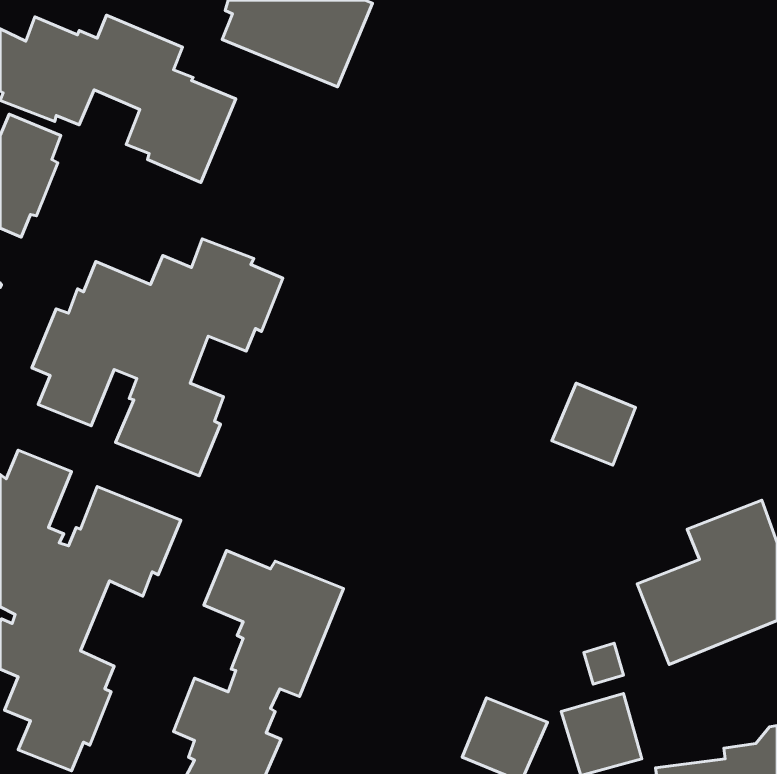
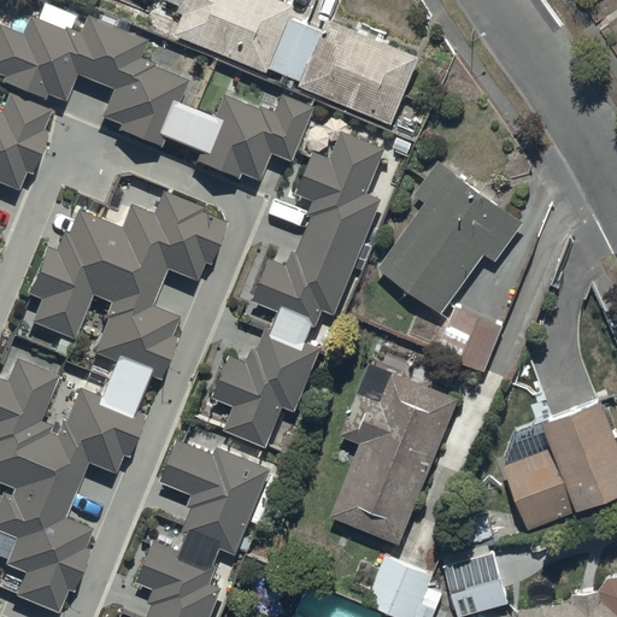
building: none -> [300,18,421,123]
building: none -> [194,94,311,182]
building: none -> [253,130,387,327]
building: none -> [378,160,525,313]
building: none -> [213,327,322,446]
building: none -> [331,371,460,545]

